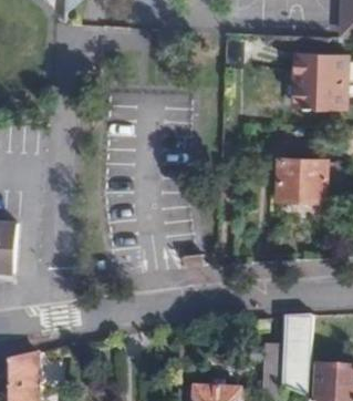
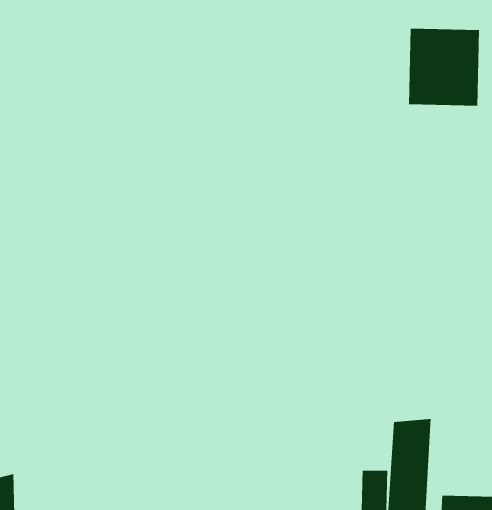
building: [277,157,324,199] -> none

